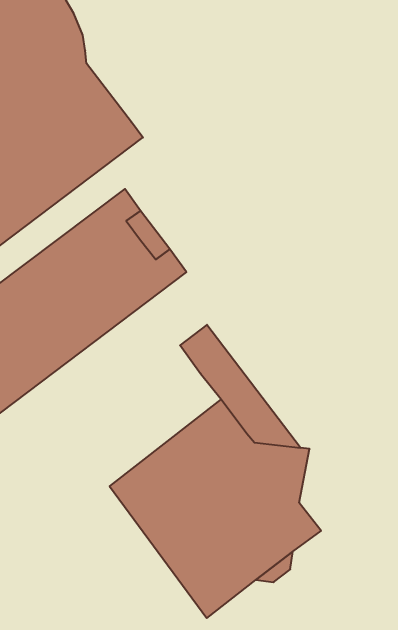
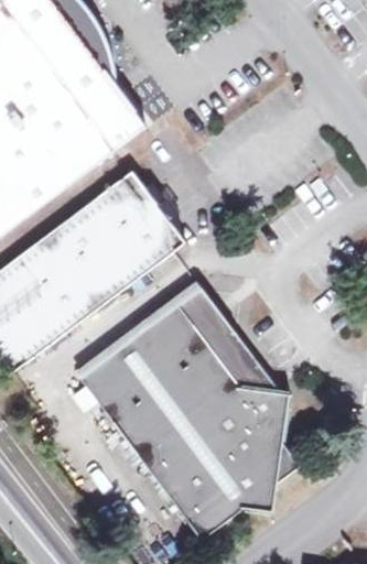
building: none -> [80,304,214,425]

